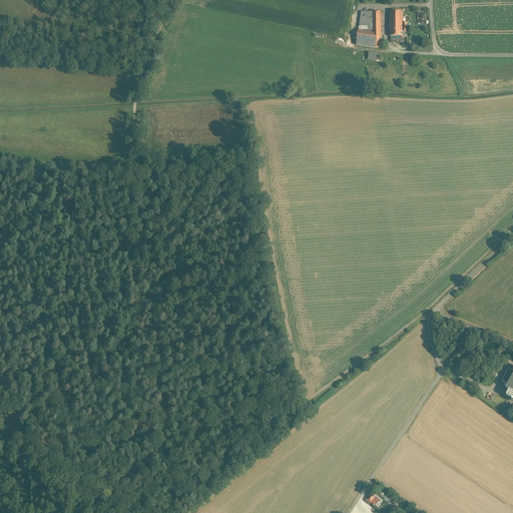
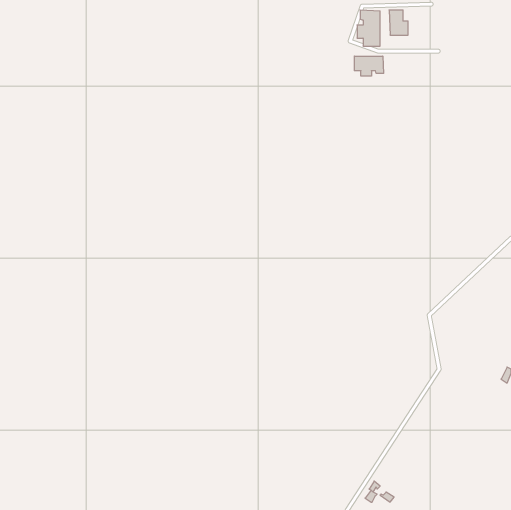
building: none -> [354,56,384,76]

